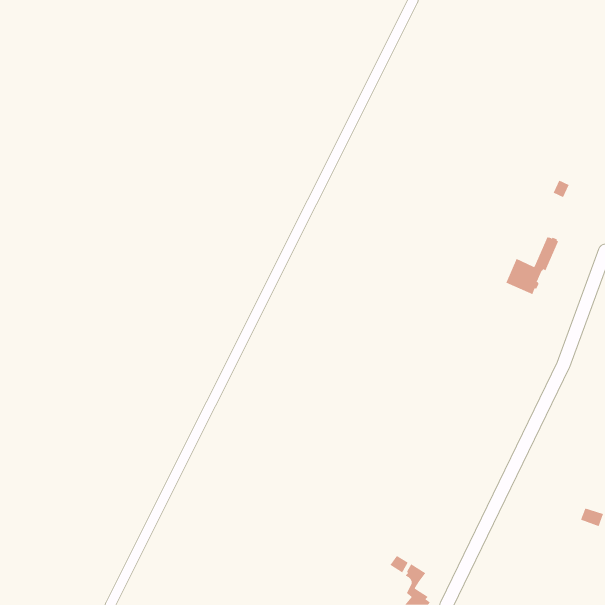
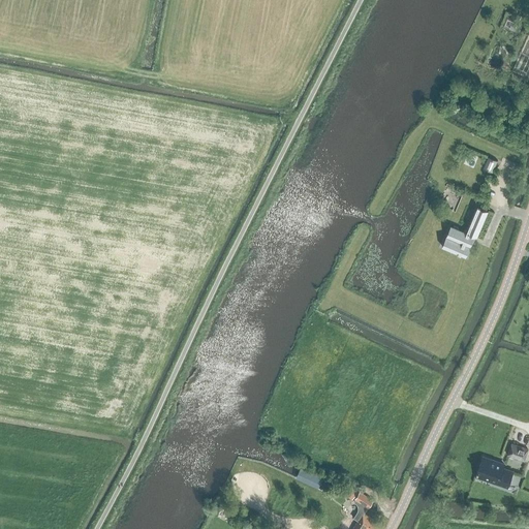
building: none -> [475,458,512,487]

